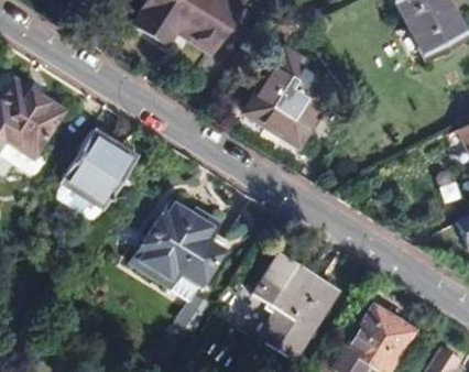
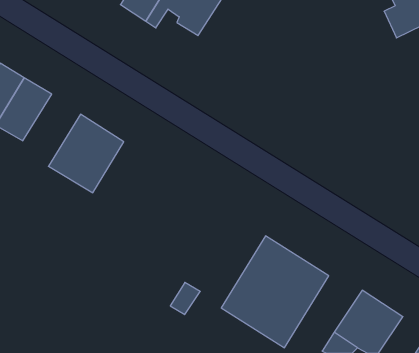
building: [242,50,329,146] -> none
building: [132,207,223,288] -> none

